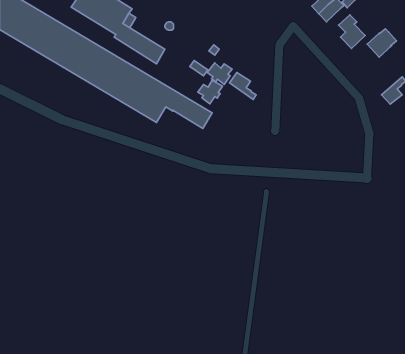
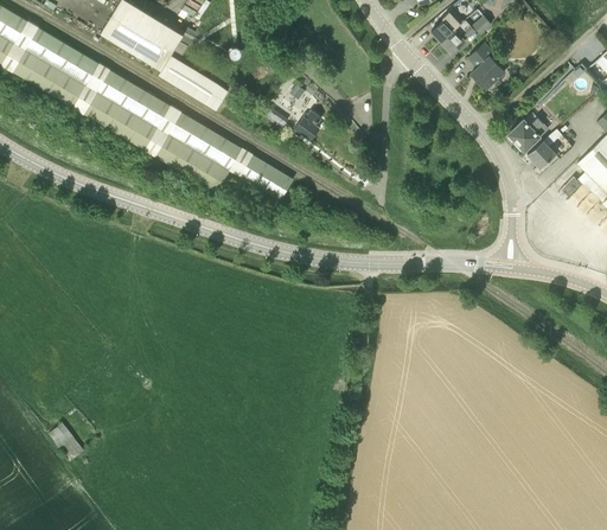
building: [367,29,397,57] -> [507,113,548,152]
building: [229,73,256,99] -> none
building: [198,80,222,104] -> none

